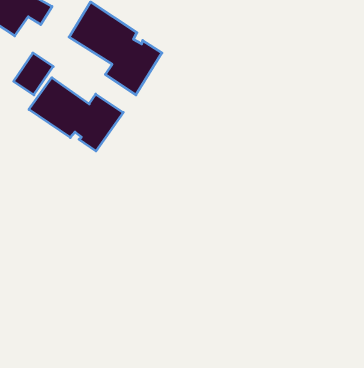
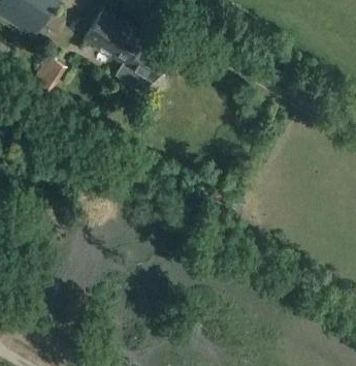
building: [29,78,123,151] -> none

